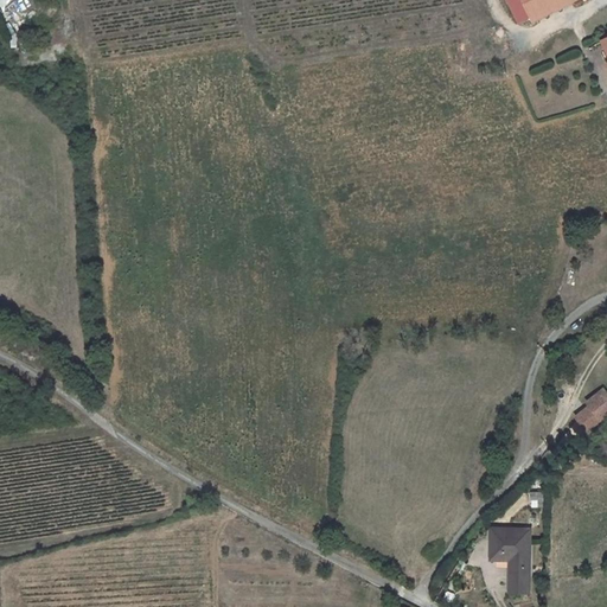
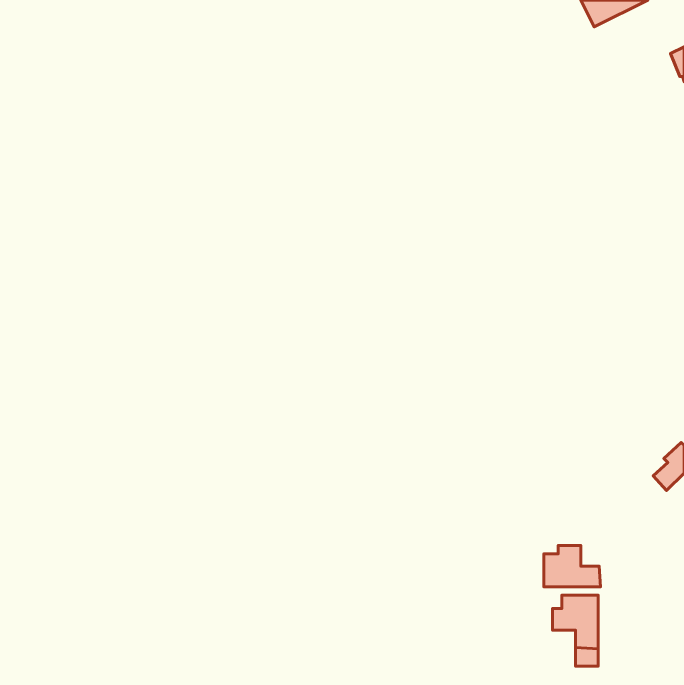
building: none -> [544,545,601,587]

